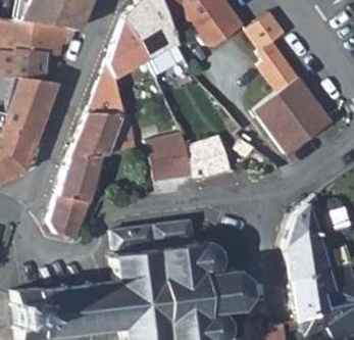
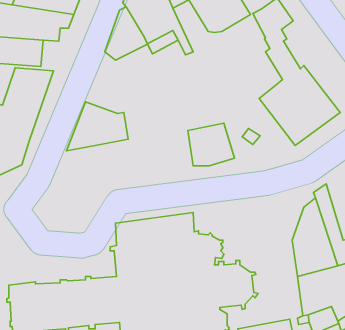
building: [88,66,130,126] -> none
building: [147,134,191,183] -> none
building: [49,155,102,236] -> none

